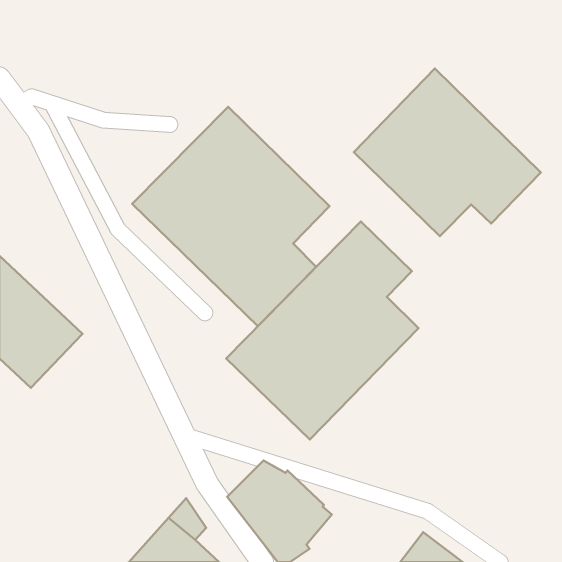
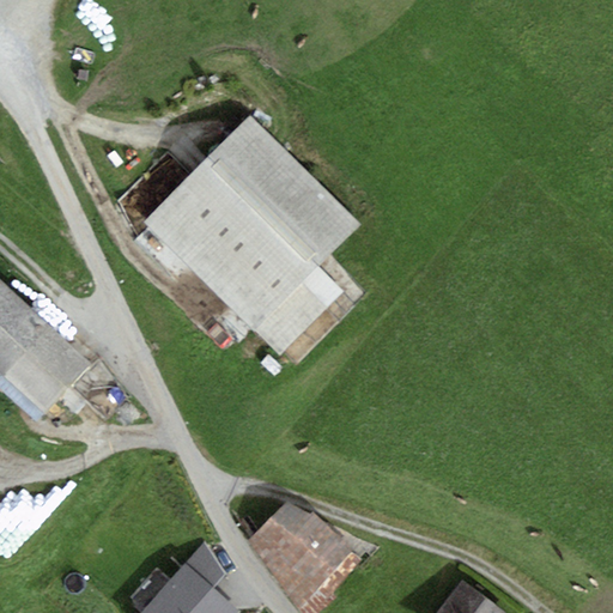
building: [354,69,541,236] -> none
building: [226,221,419,439] -> none

